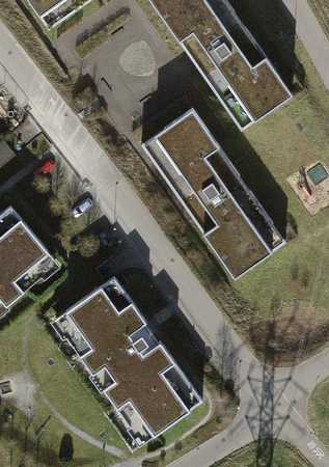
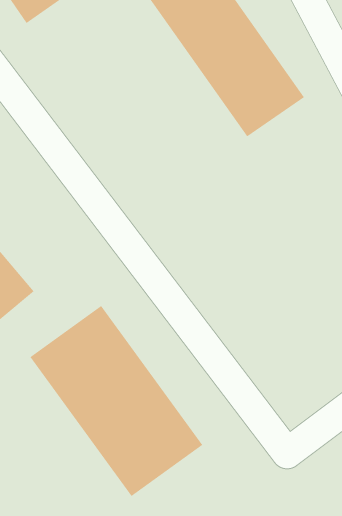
building: [143,110,284,276] -> none

